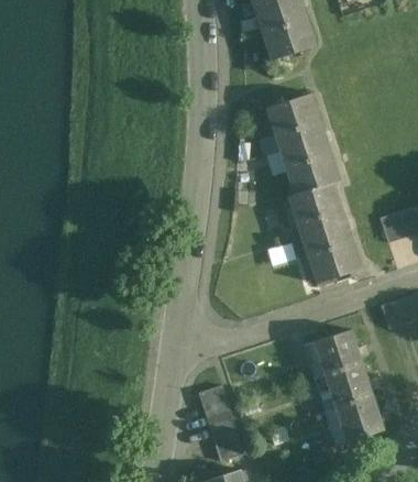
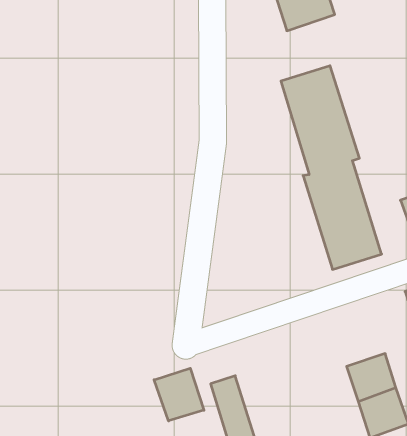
building: [315,329,363,375] -> none
building: none -> [154,368,204,421]

